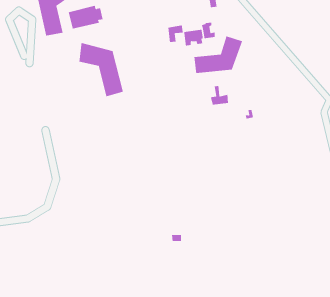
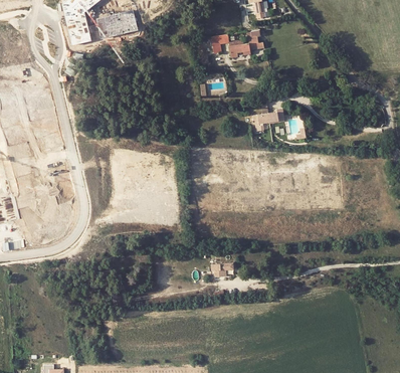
building: [194,35,243,74] -> none
building: [79,42,123,97] -> none

